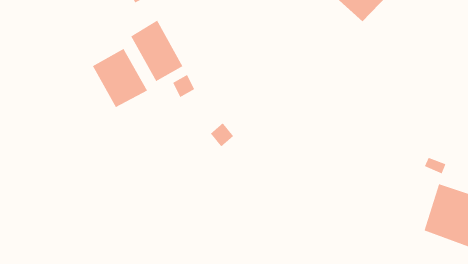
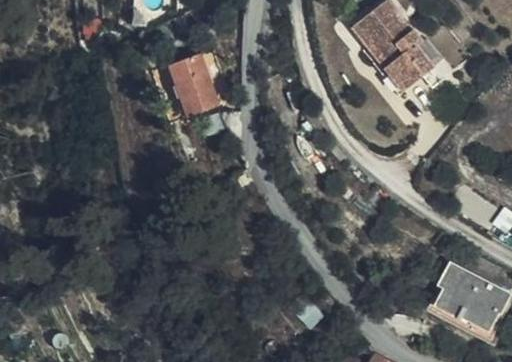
building: [92,48,148,108] -> none

